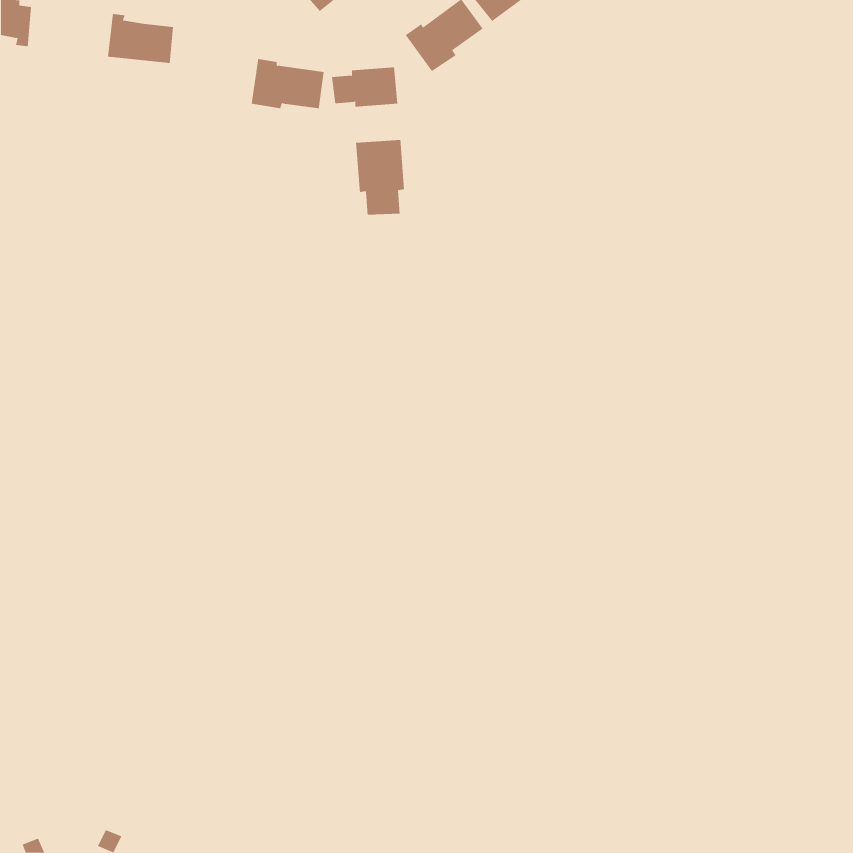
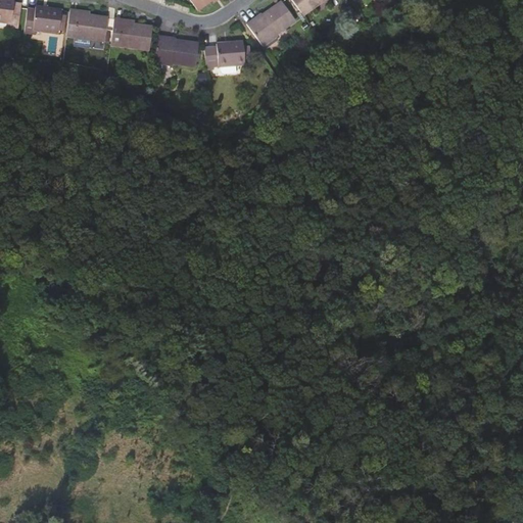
building: none -> [25,7,61,34]
building: none -> [110,17,152,48]
building: [355,139,405,215] -> none

